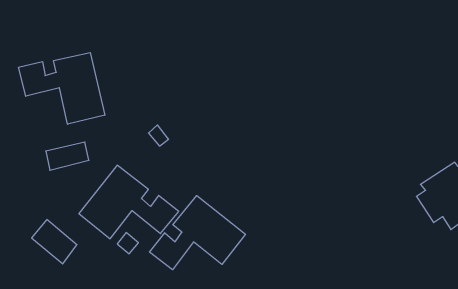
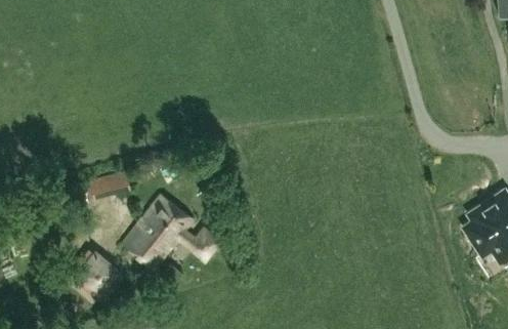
building: [19,53,105,124] -> none
building: [150,196,245,270] -> none

